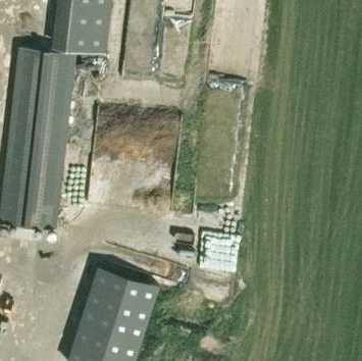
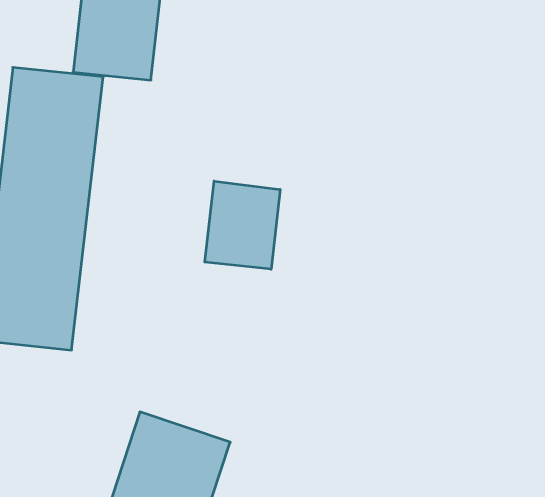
building: none -> [205,181,280,269]

